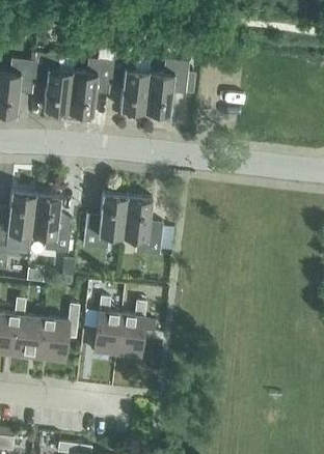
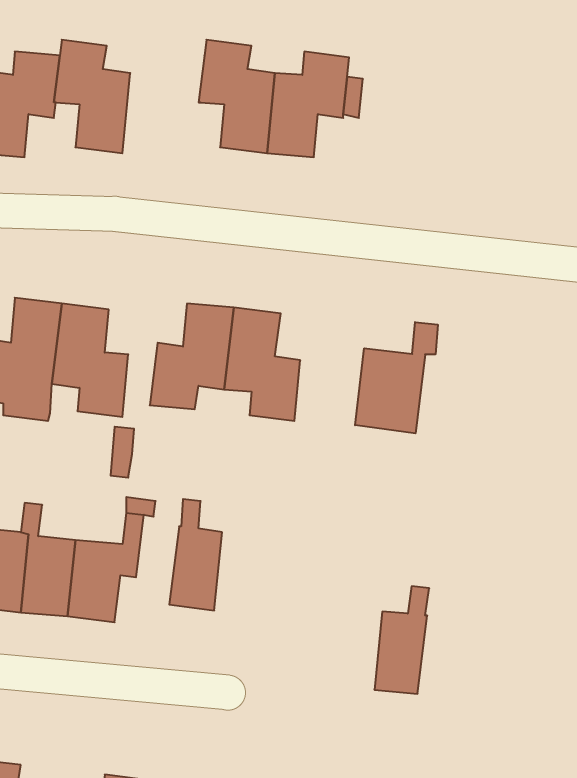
building: [68,60,111,116] -> none
building: none -> [355,322,438,433]
building: [116,302,145,359] -> [374,586,429,694]

